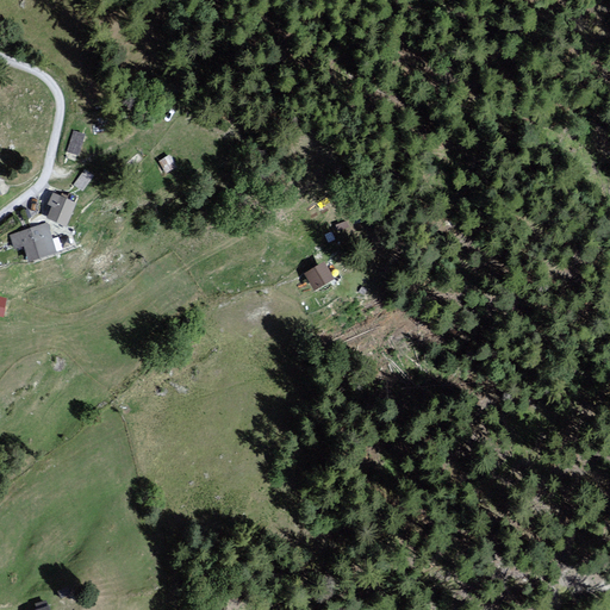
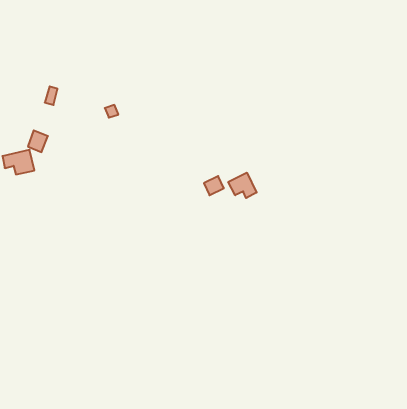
building: none -> [228,173,257,198]

